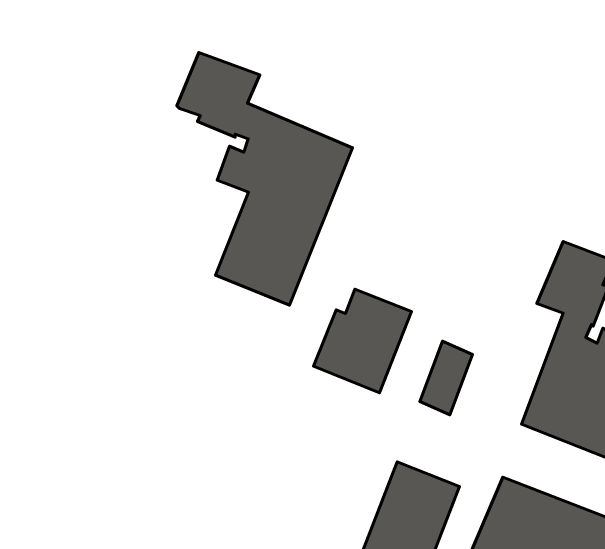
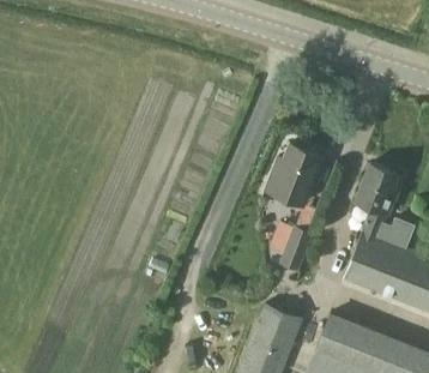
building: [177,52,352,305] -> none
building: [313,289,411,393] -> [262,142,325,207]

